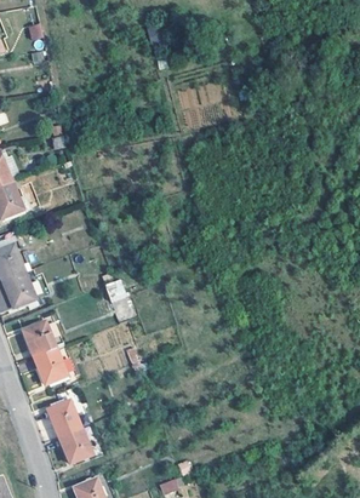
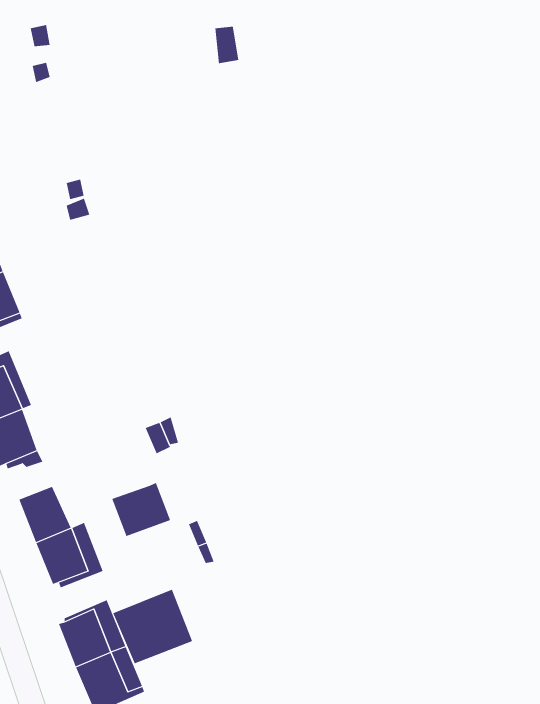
building: none -> [111,482,171,537]
building: none -> [112,589,193,664]

